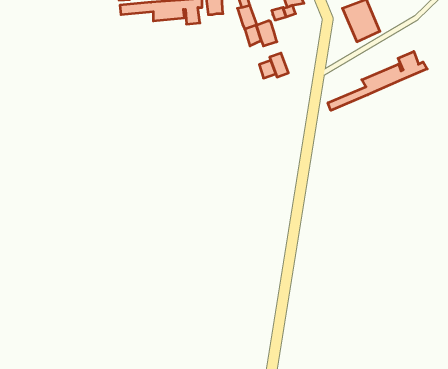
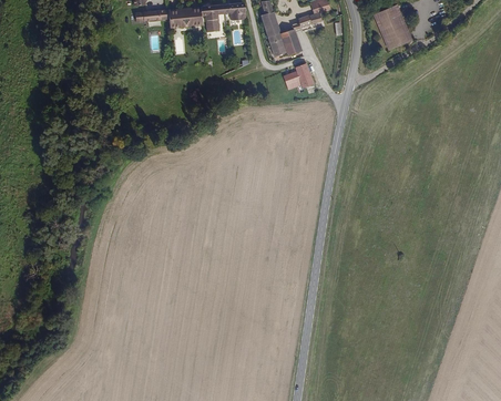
building: [328,51,427,110] -> none

